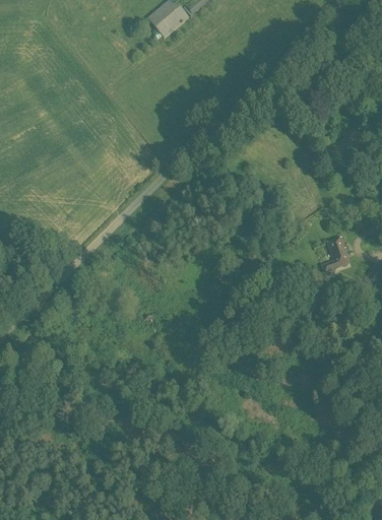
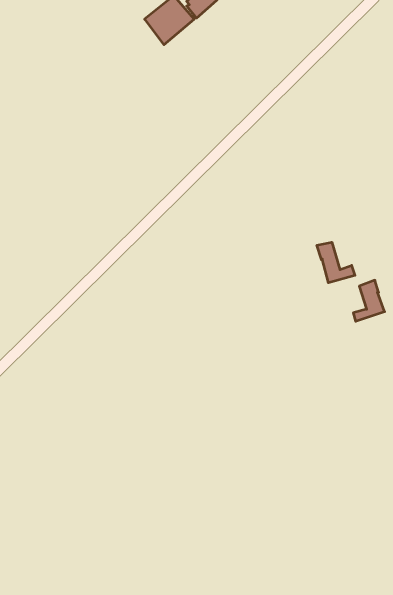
building: none -> [317,242,355,283]

